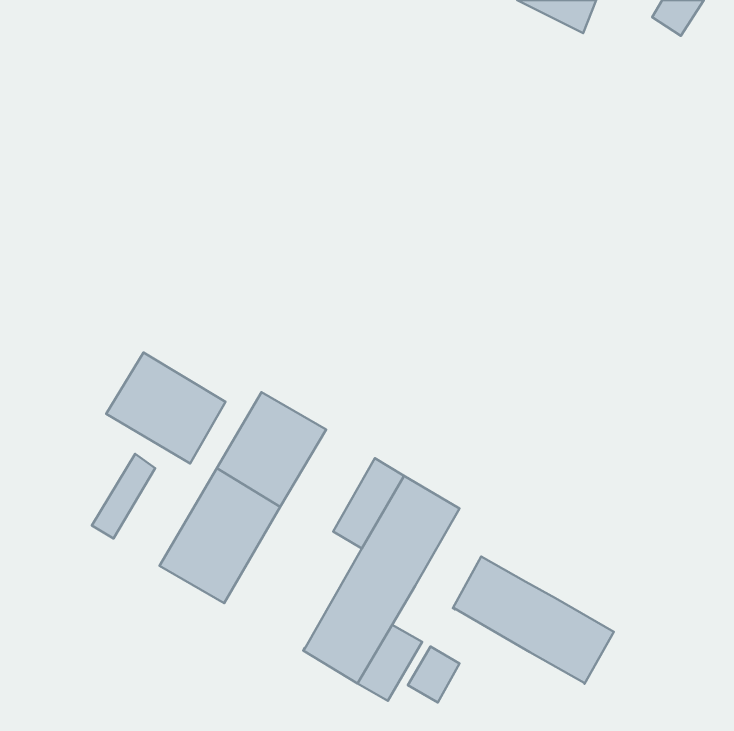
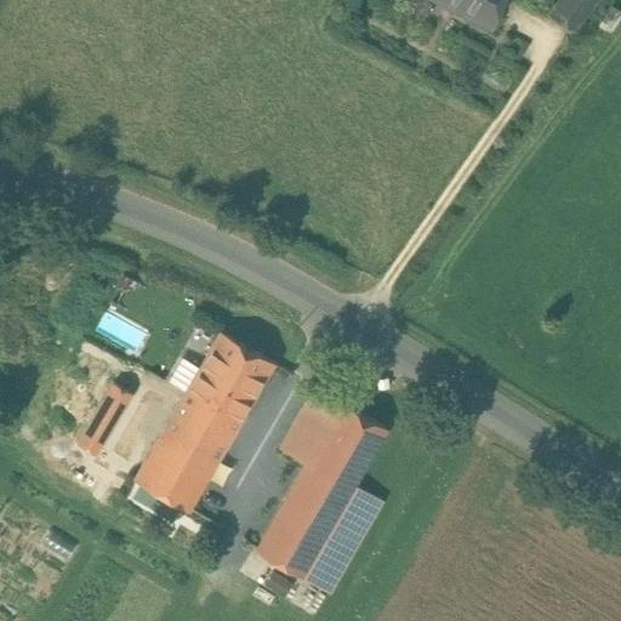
building: [106,352,226,464] -> none
building: [453,557,614,684] -> none
building: [408,646,459,702] -> [331,497,375,545]

